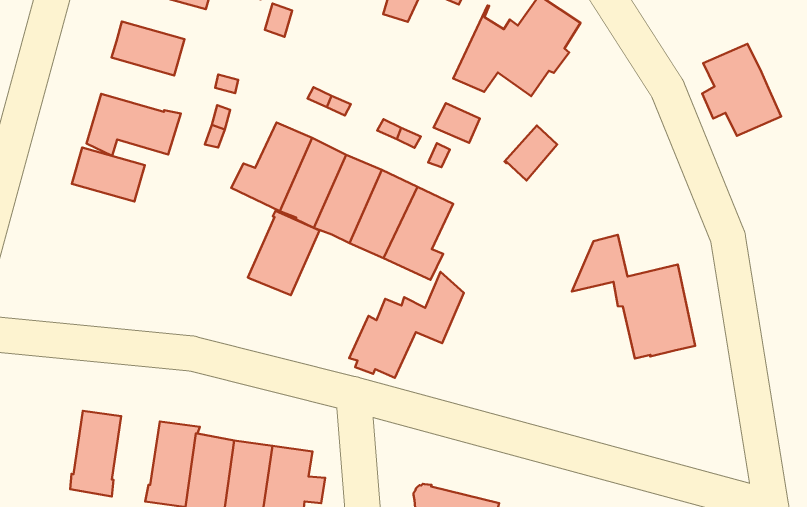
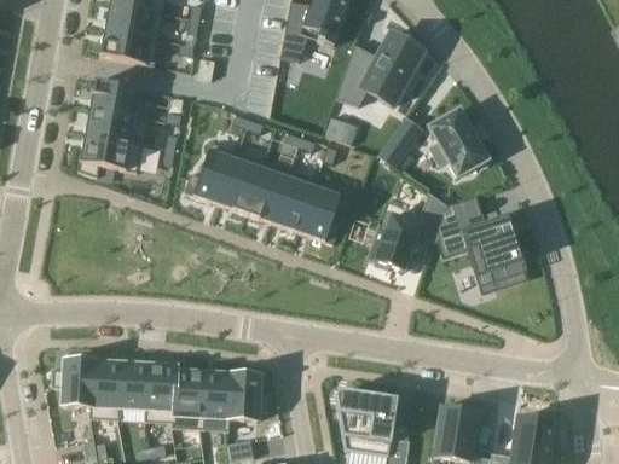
building: [702,44,781,136] -> [428,109,487,175]
building: [72,147,145,202] -> [85,106,135,141]
building: [248,211,320,295] -> none
building: [349,272,464,378] -> [369,191,446,269]
building: none -> [52,358,93,406]
building: none -> [118,361,149,408]

